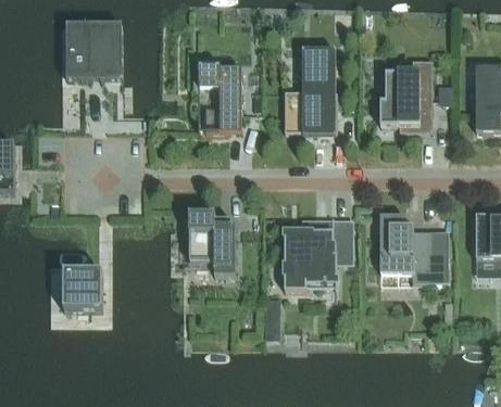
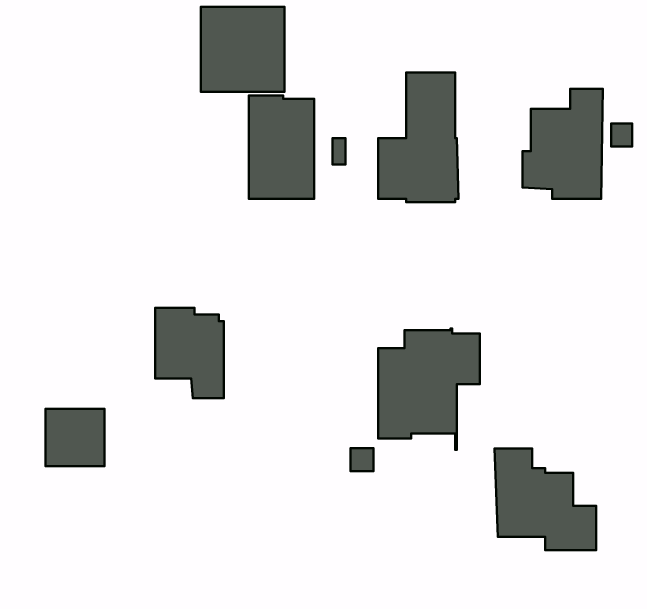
building: [66,24,122,80] -> [201,7,285,92]
building: [189,215,235,275] -> [155,308,224,398]
building: [379,215,447,282] -> [495,448,596,550]

